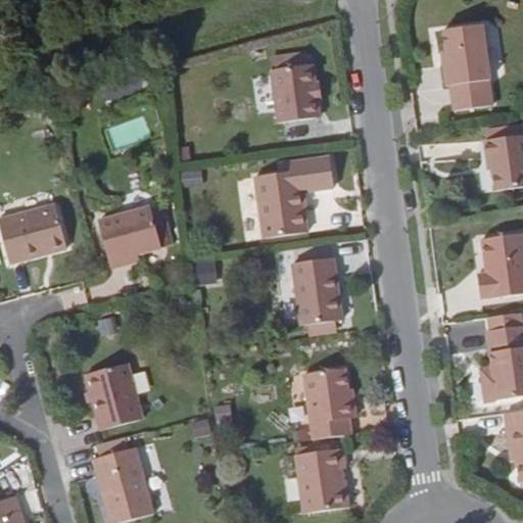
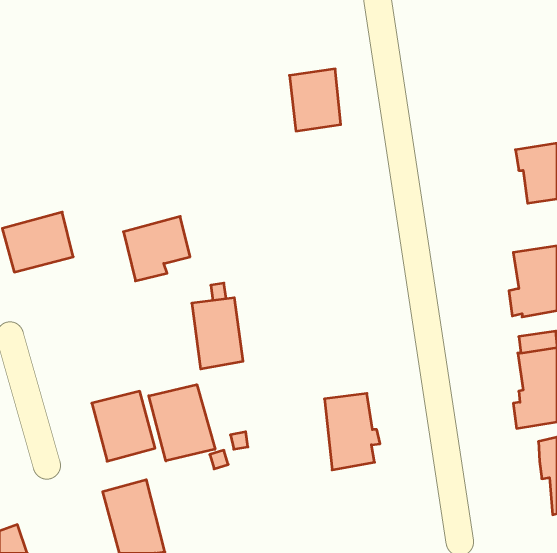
building: [439,22,492,108] -> none
building: [254,155,334,238] -> none
building: [292,260,340,327] -> [192,298,243,369]
building: none -> [149,385,215,461]
building: [296,446,347,513] -> none

